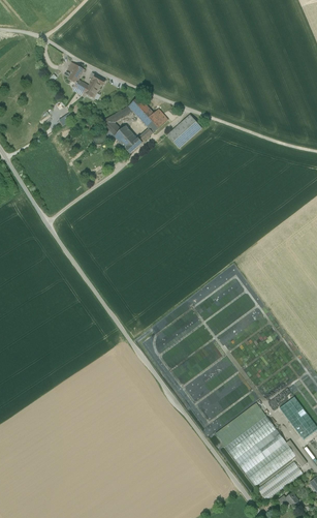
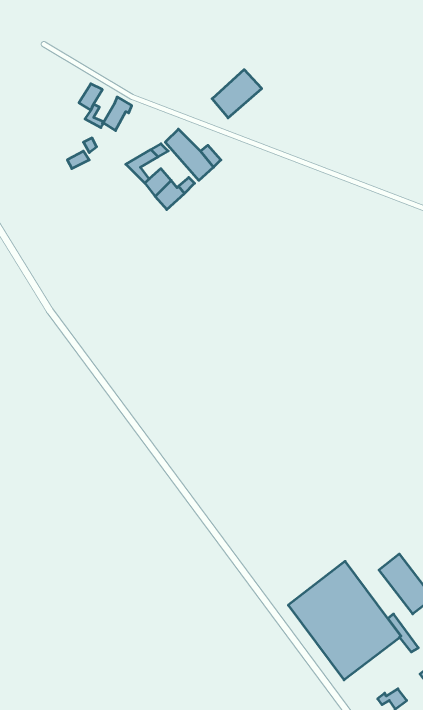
building: [167,115,202,149] -> [212,70,262,118]
building: [257,461,303,500] -> none

